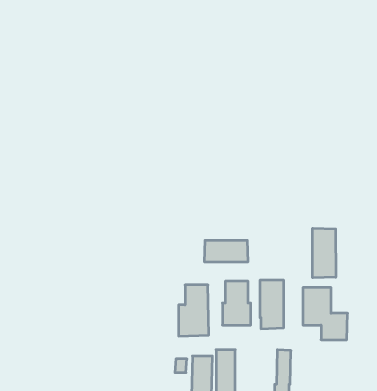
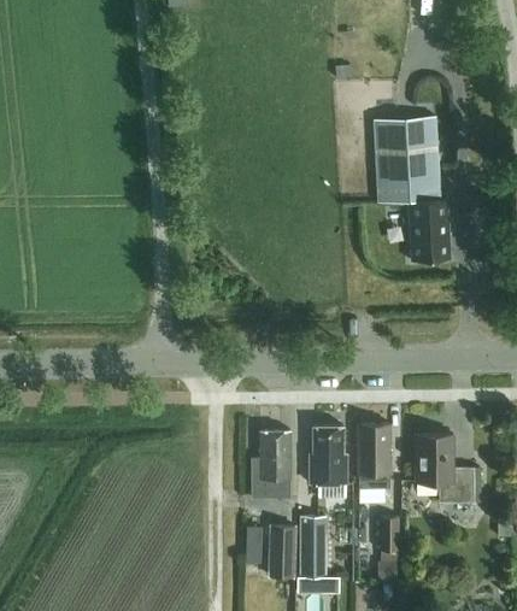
building: none -> [375,117,451,263]
building: [313,228,336,278] -> none
building: [205,240,248,262] -> none

